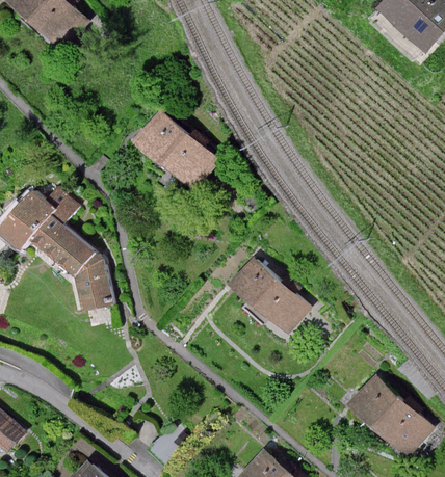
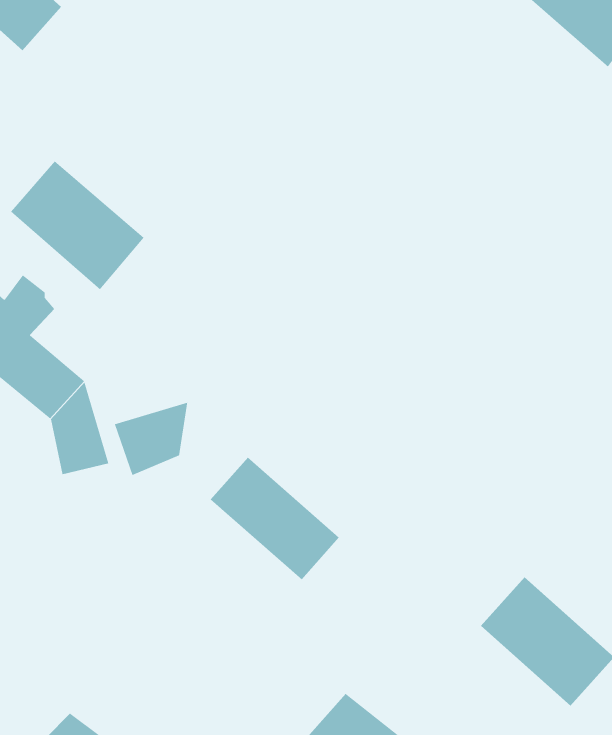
building: [133,109,218,191] -> [10,161,145,290]
building: [227,256,309,334] -> [210,457,340,580]
building: none -> [114,402,188,476]

